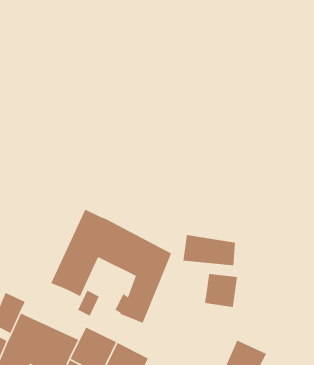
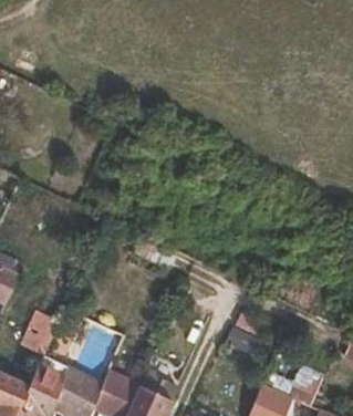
building: [50,208,172,324] -> none
building: [182,234,236,266] -> none

